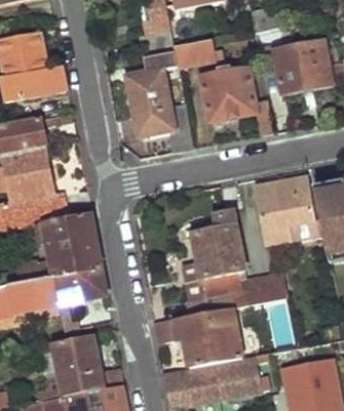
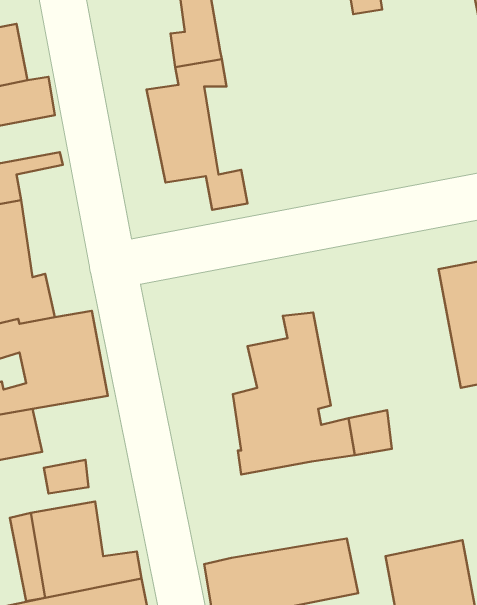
building: [255,26,331,91] -> none
building: [174,39,216,71] -> none
building: [200,65,273,133] -> none
building: [257,179,312,244] -> none
building: [53,269,107,304] -> none
building: [153,311,241,372] -> none

